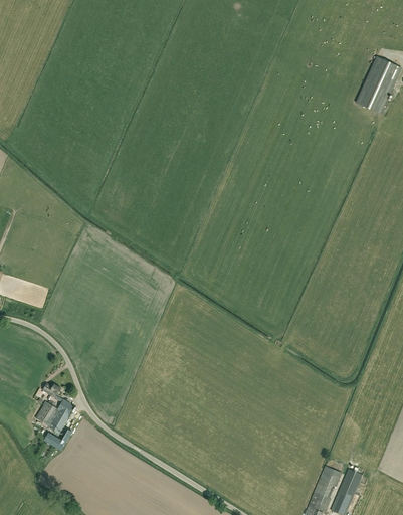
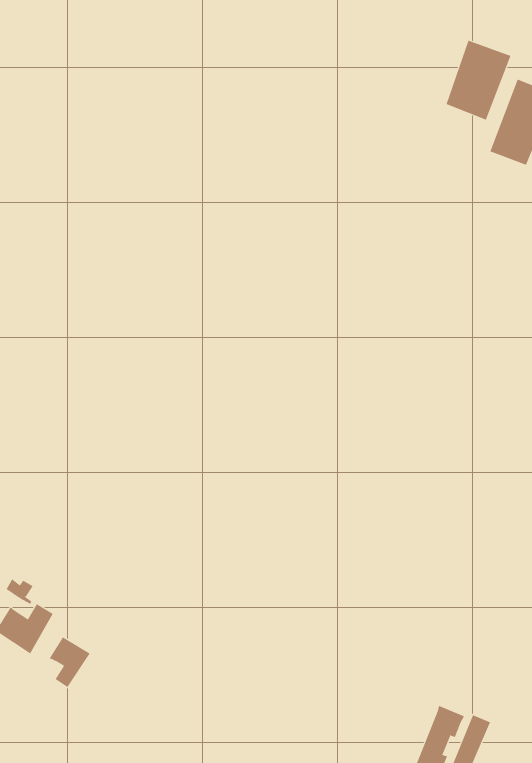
building: none -> [446,40,511,120]
building: none -> [49,637,91,688]

